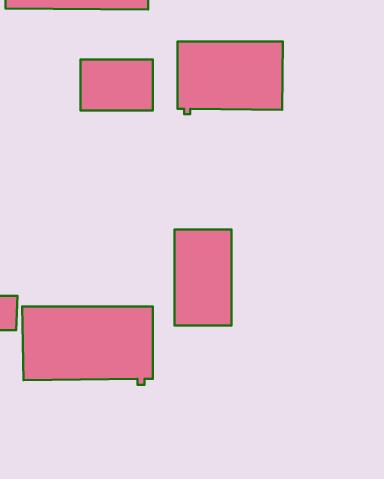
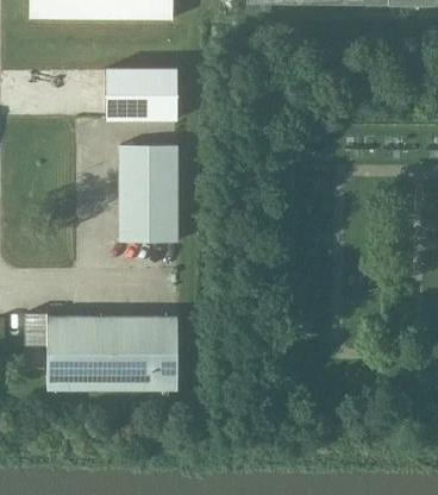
building: [178,42,283,114] -> none
building: [175,229,231,326] -> [120,145,177,242]

